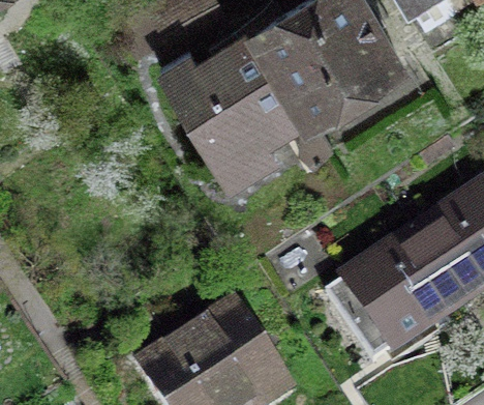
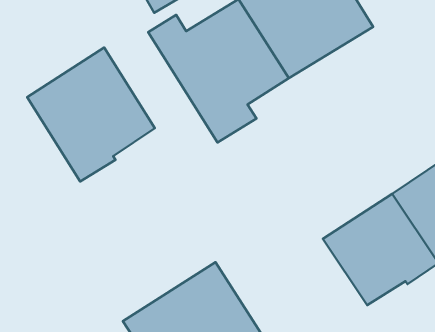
building: none -> [27,47,155,182]

